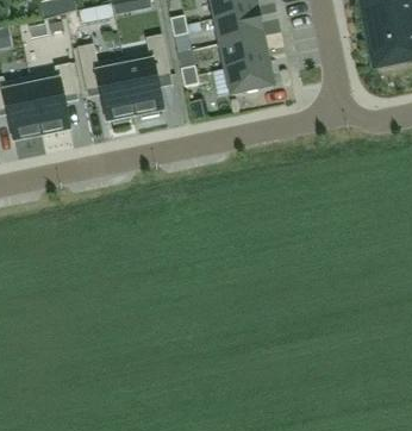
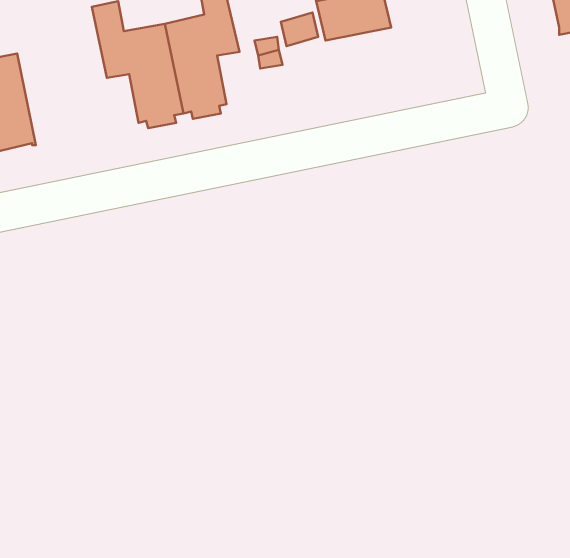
building: [227,58,274,93] -> none
building: [31,62,79,133] -> none

